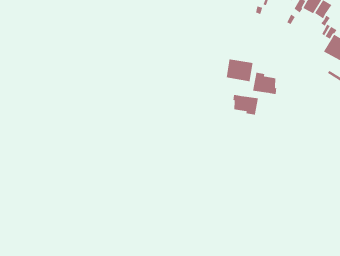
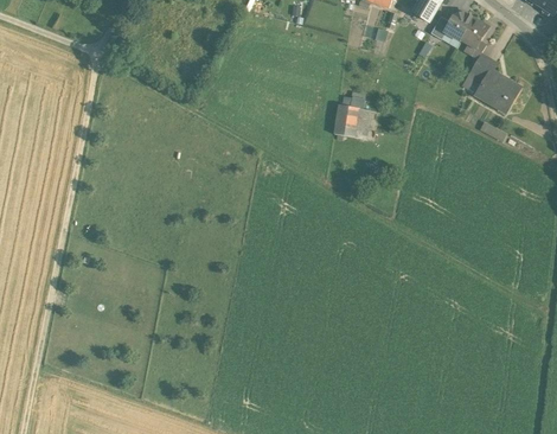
building: [252,72,277,95] -> none
building: [233,94,259,116] -> none

